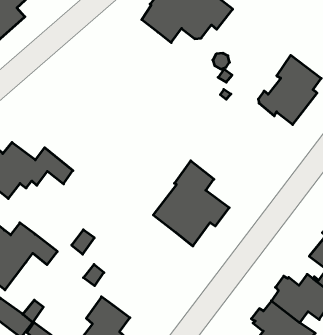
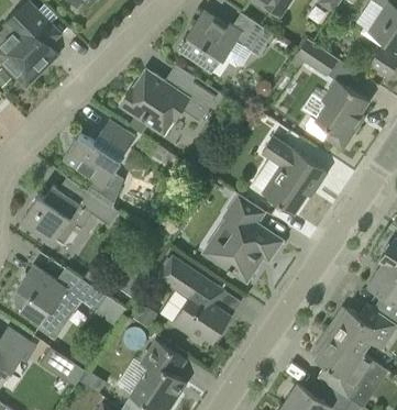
building: none -> [296,38,338,76]
building: none -> [120,68,216,134]
building: none -> [63,119,134,186]
building: none -> [262,136,328,214]
building: none -> [157,255,228,343]

